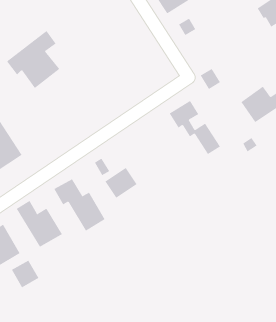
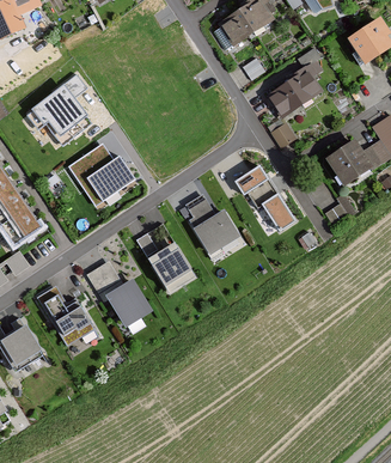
building: none -> [267,48,324,120]
building: none -> [68,140,141,211]
building: none -> [187,193,242,252]
building: [11,260,39,288] -> none

